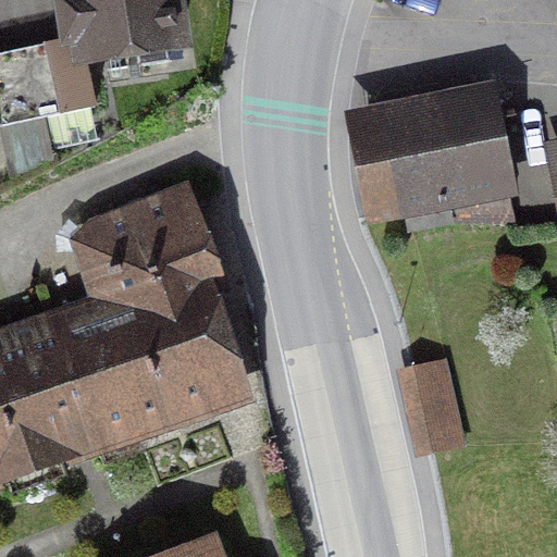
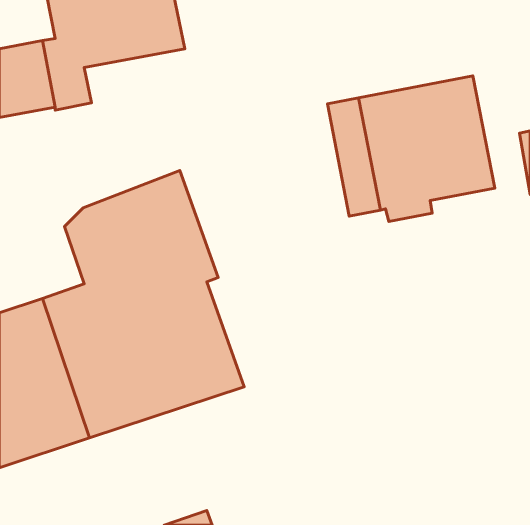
building: [395,355,466,455] -> none

